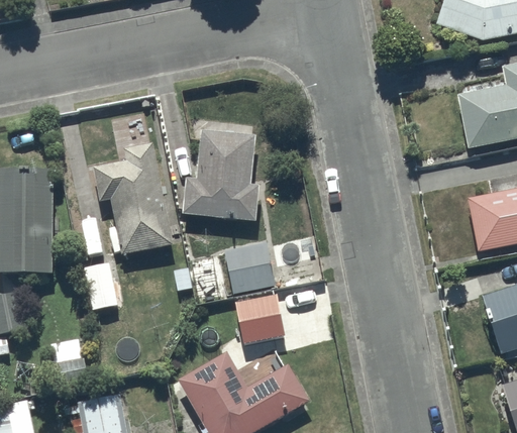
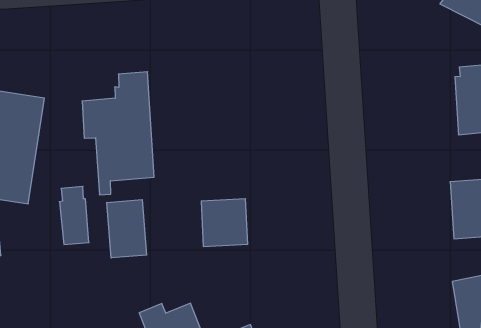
building: [184,128,261,222] -> none
building: none -> [107,200,146,258]
building: [228,288,286,348] -> none

